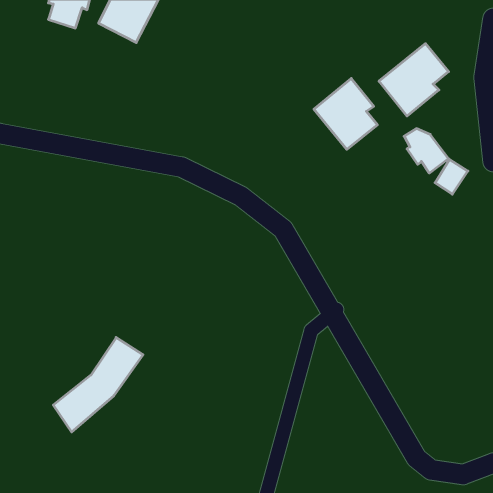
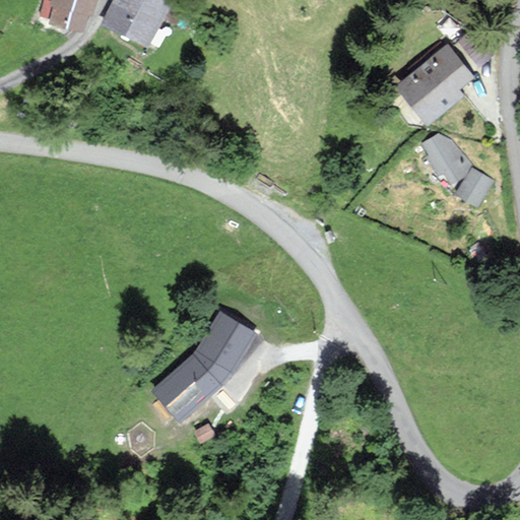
building: [314,78,377,149] -> none
building: [53,337,143,432] -> [157,316,252,415]

